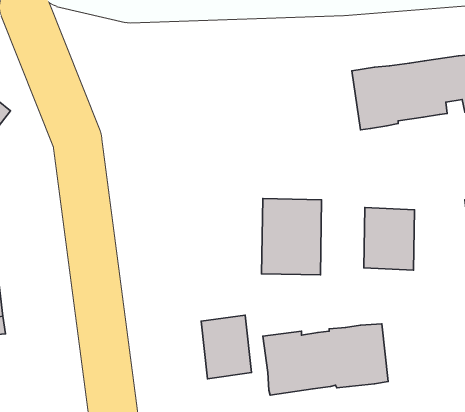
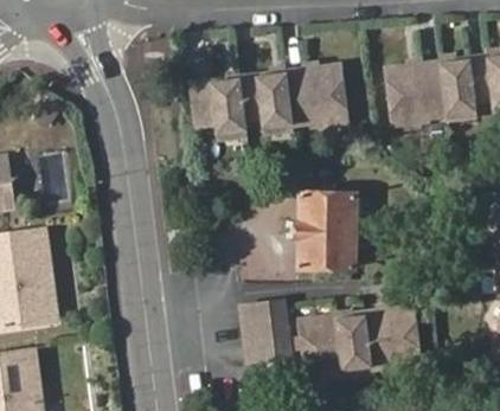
building: none -> [188,66,345,136]
building: [364,207,415,270] -> none

